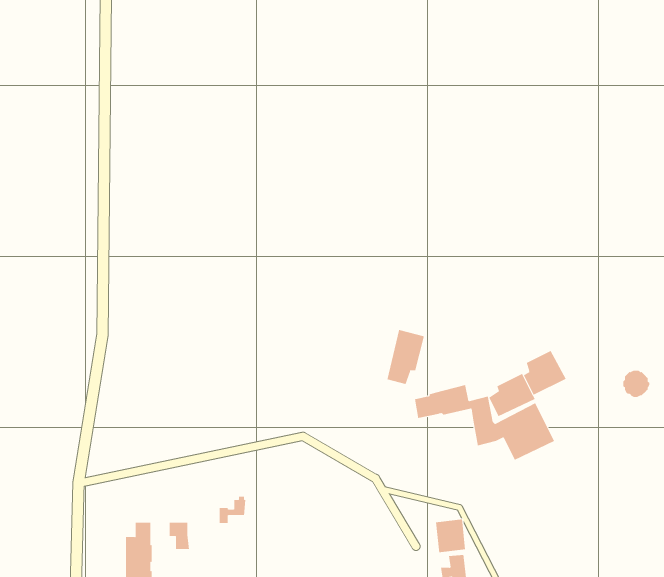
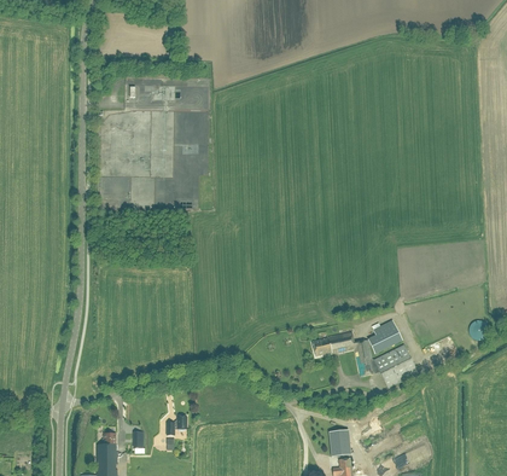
building: [387,329,424,385] -> none
building: [523,350,567,396] -> none

